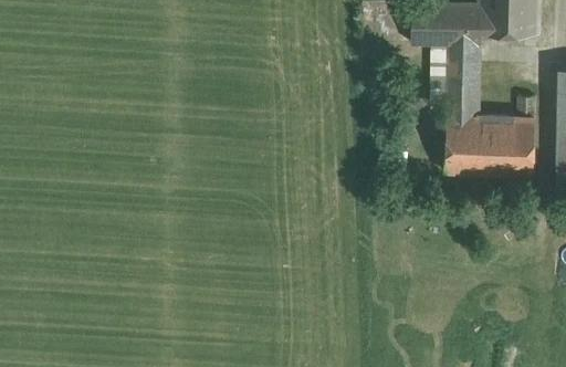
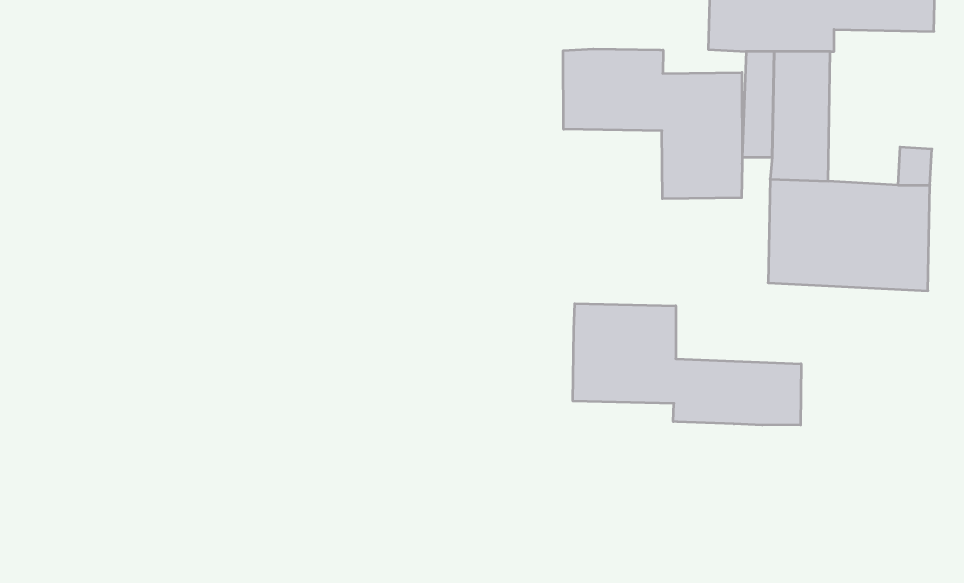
building: none -> [563,49,742,199]
building: none -> [573,304,801,425]

